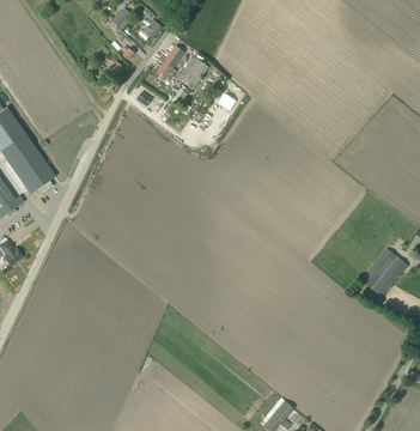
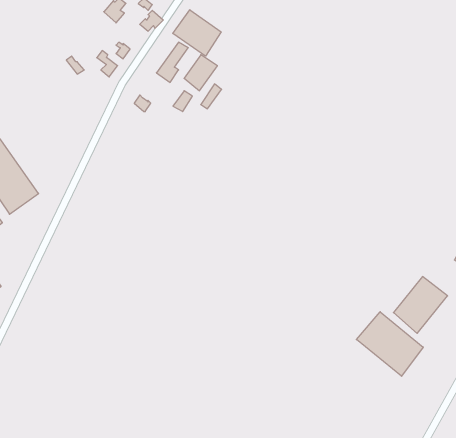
building: none -> [173,10,221,56]
building: none -> [356,312,423,376]

